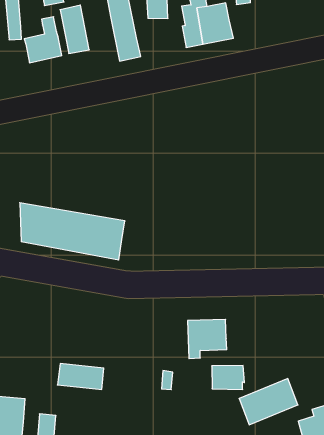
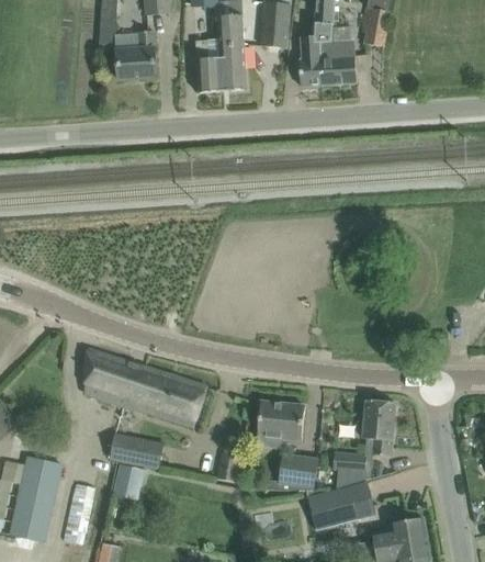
building: [60,5,89,53] -> [194,38,222,92]
building: [20,203,125,260] -> [83,348,206,429]
building: none -> [332,400,394,488]
building: none -> [112,463,144,499]

